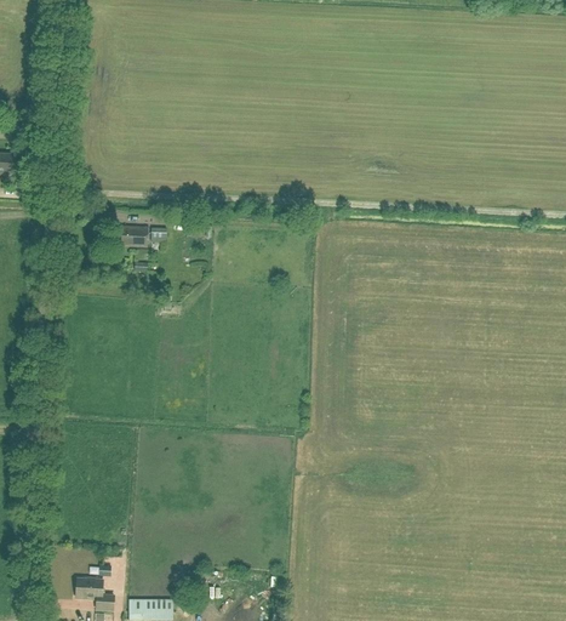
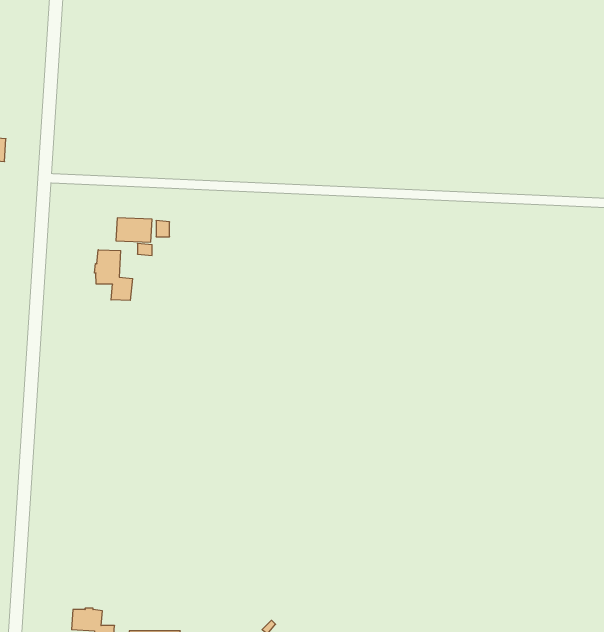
building: none -> [94,250,133,300]

